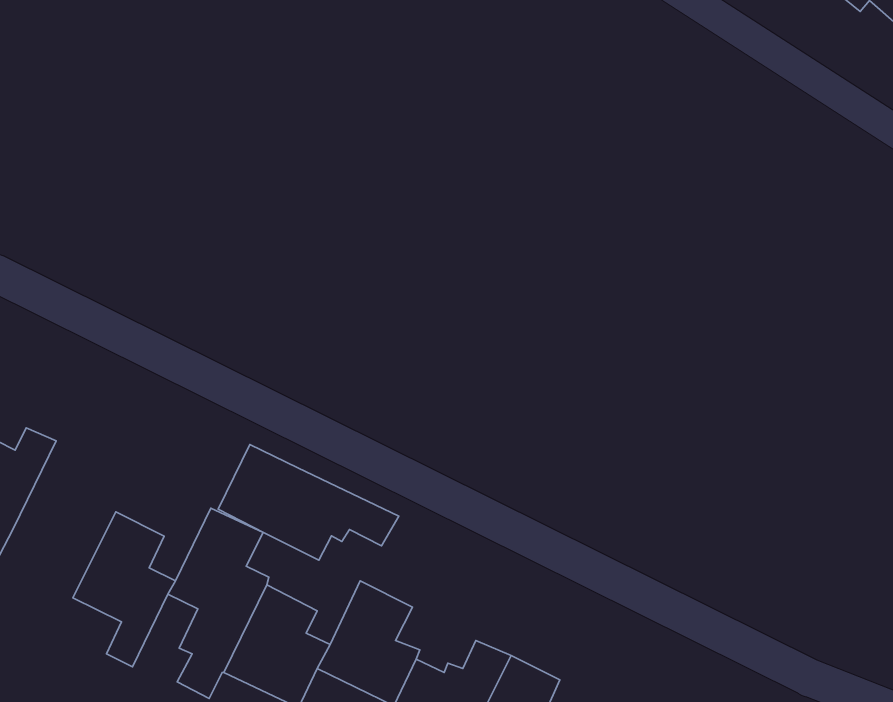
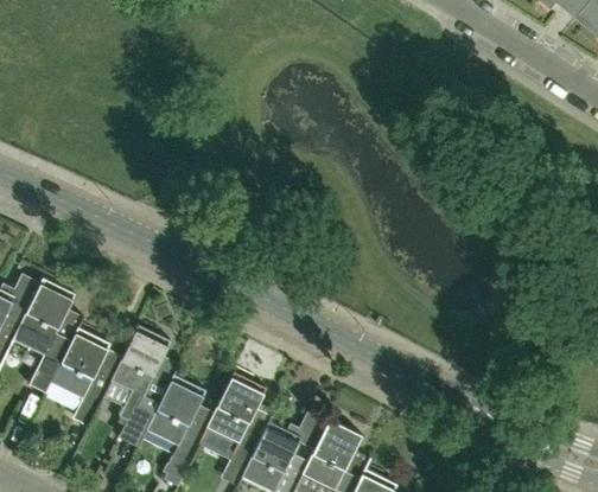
building: none -> [12,279,82,392]
building: [218,445,399,560] -> none

